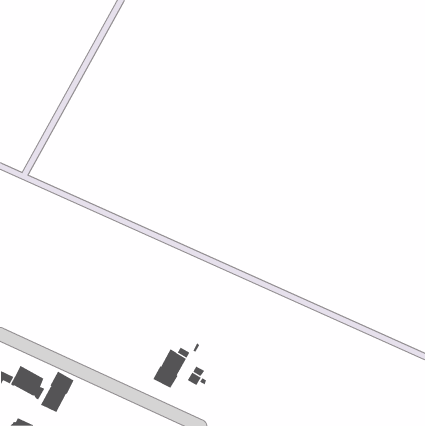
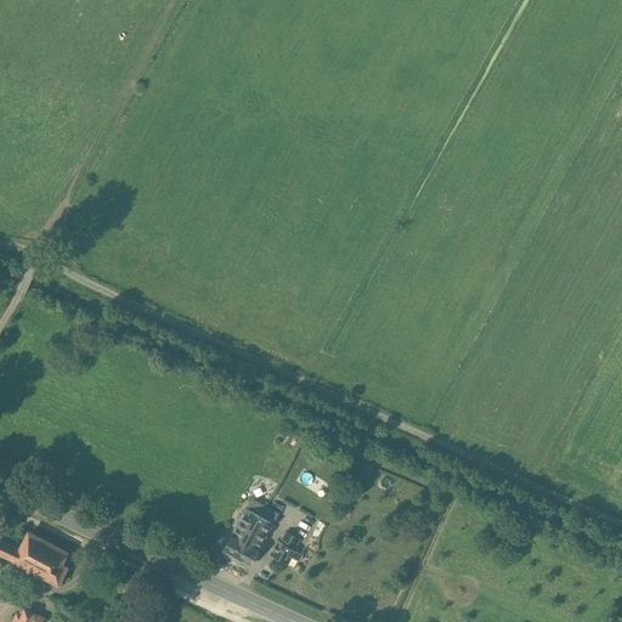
building: [40,371,74,413] -> none

